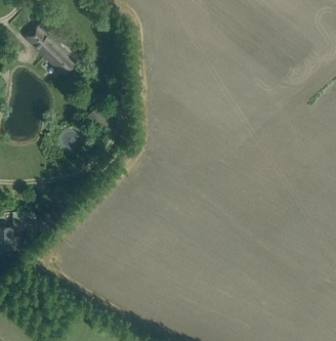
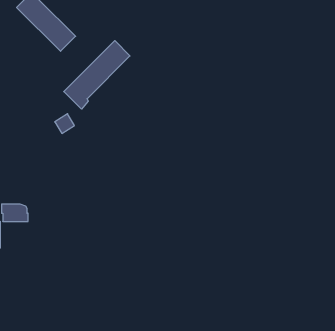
building: none -> [64,41,130,109]

